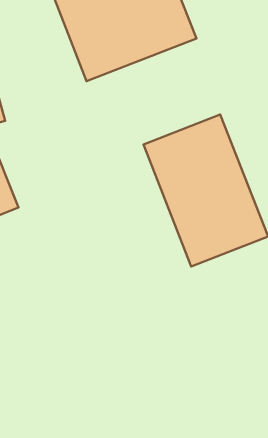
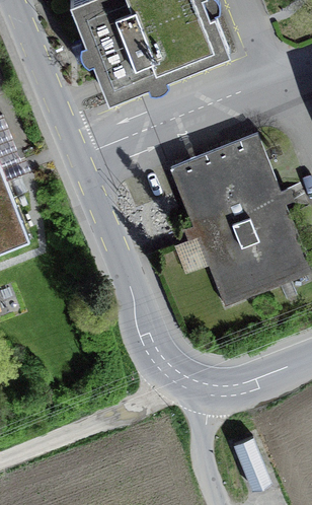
building: none -> [233,439,268,485]

